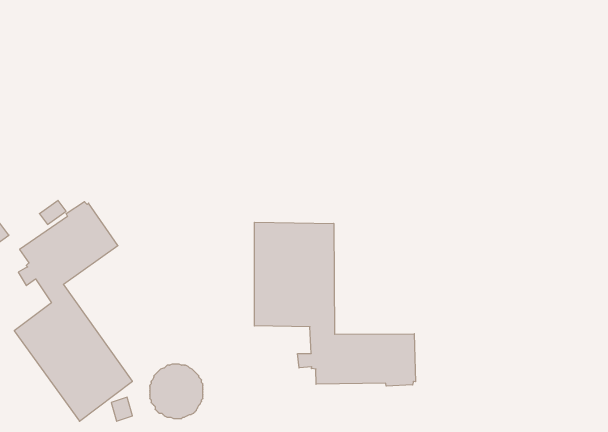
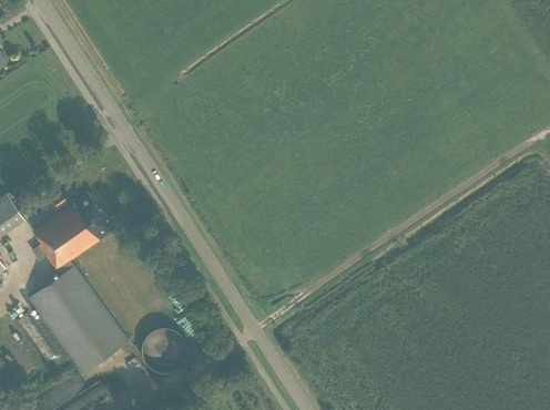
building: [254,222,416,386] -> none

